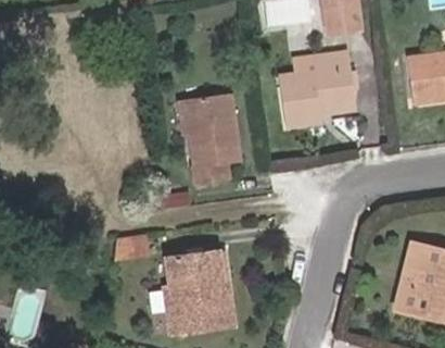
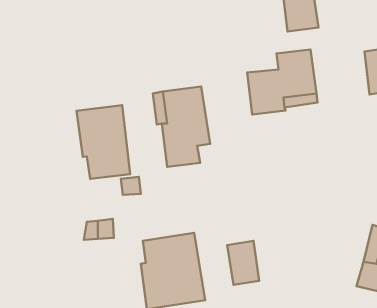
building: none -> [77,105,130,179]
building: none -> [227,241,259,285]

